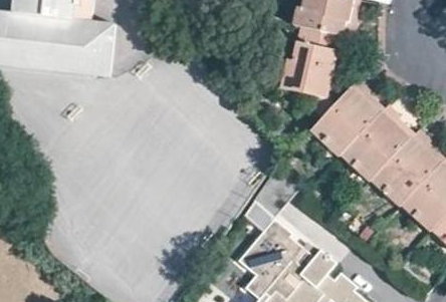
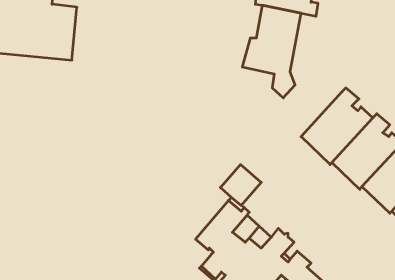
building: [309,78,382,156] -> none

